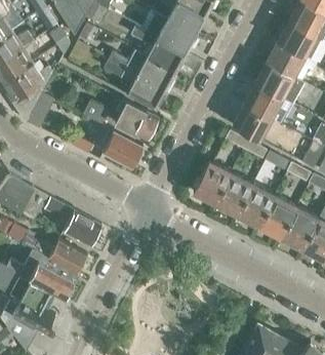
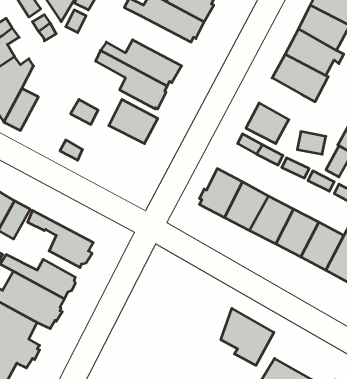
building: [130,26,186,73] -> none
building: [244,83,281,119] -> none
building: [101,128,143,168] -> none
building: none -> [221,308,274,365]

